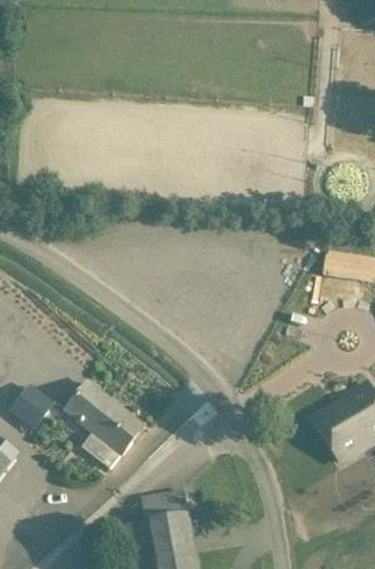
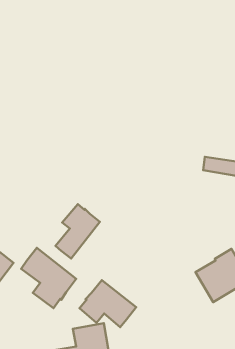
building: none -> [55,204,100,258]
building: none -> [79,280,136,327]

